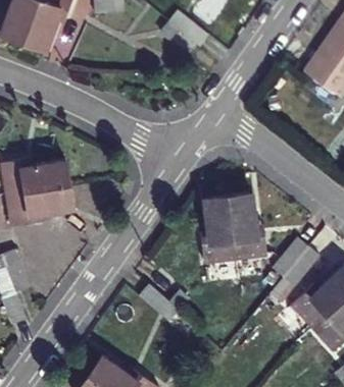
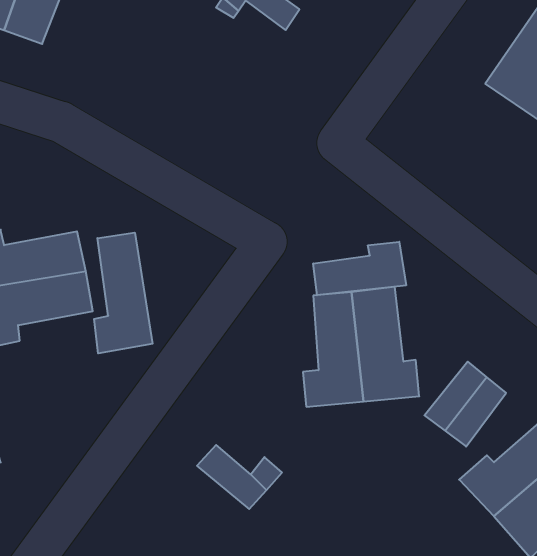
building: none -> [94,233,153,353]
building: none -> [313,242,406,295]

